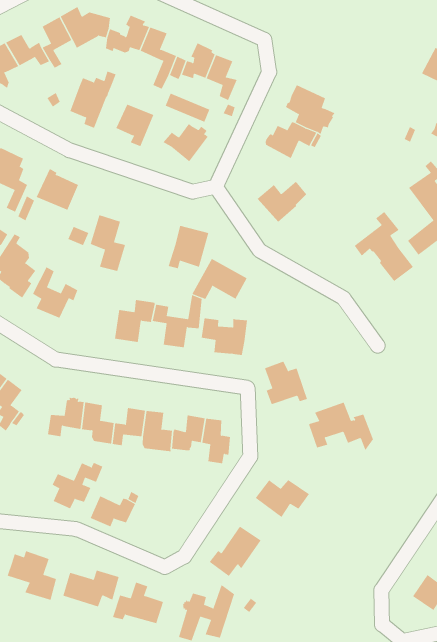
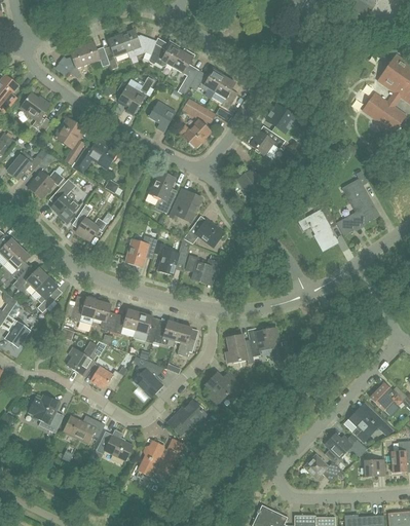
building: [90,214,126,272] -> [150,172,175,213]
building: [264,361,308,405] -> [226,333,254,363]
building: none -> [135,360,161,396]

